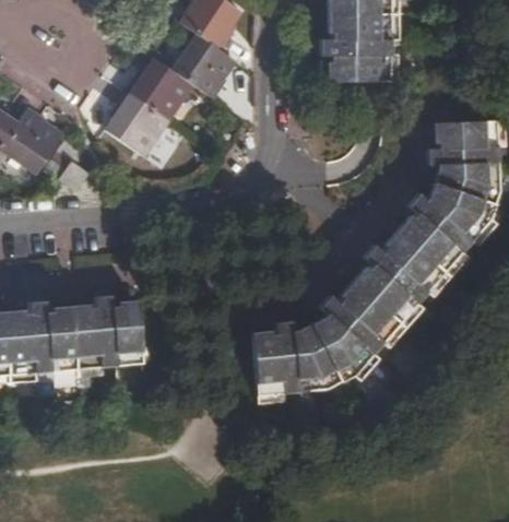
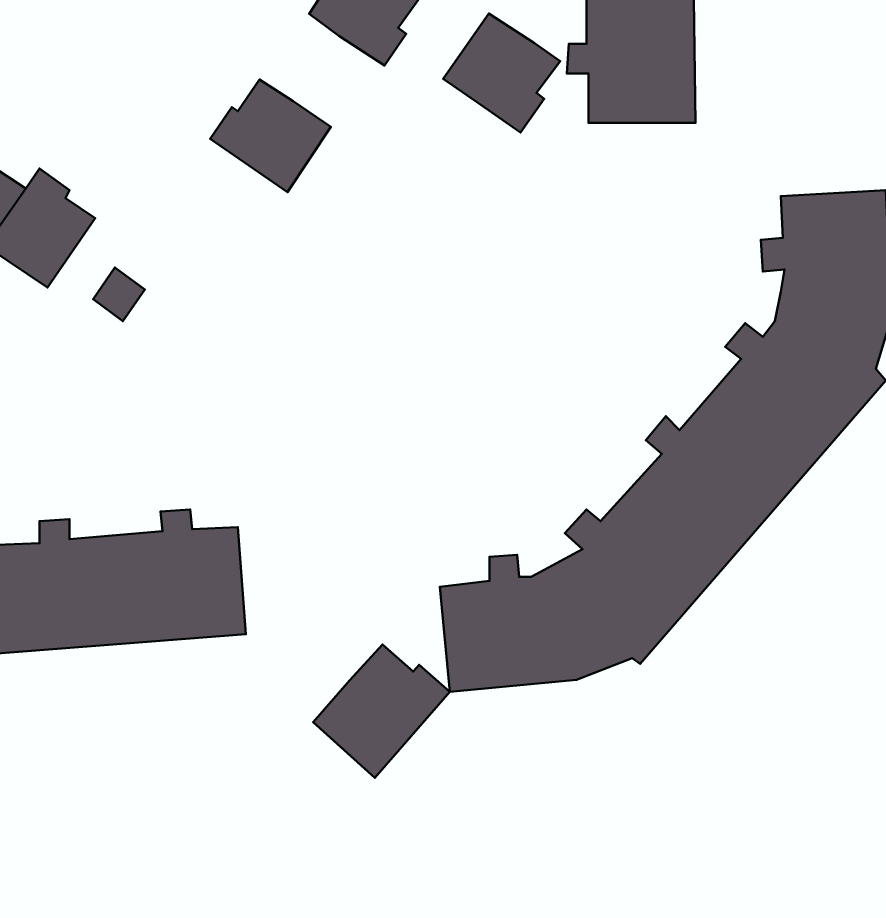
building: [169,34,234,99] -> [443,14,560,132]
building: [103,91,166,156] -> none
building: none -> [313,644,450,778]

